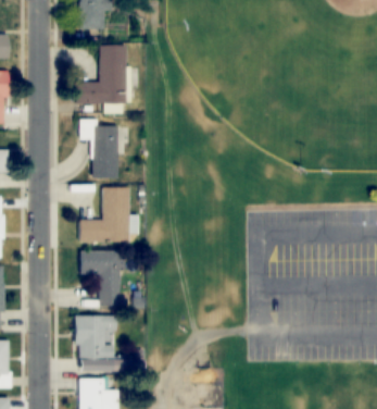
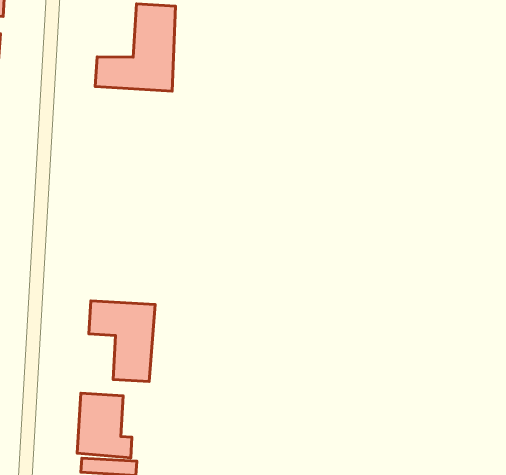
building: [79,119,118,178] -> none
building: [78,187,128,241] -> none

